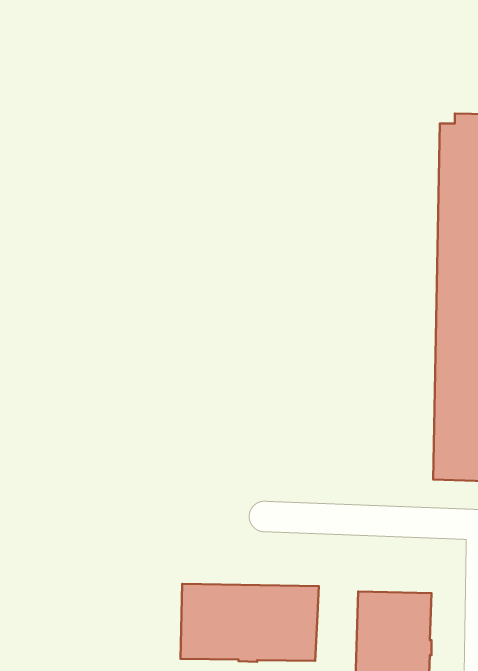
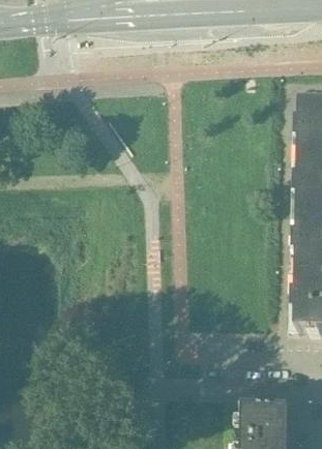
building: [181,584,319,662] -> none

